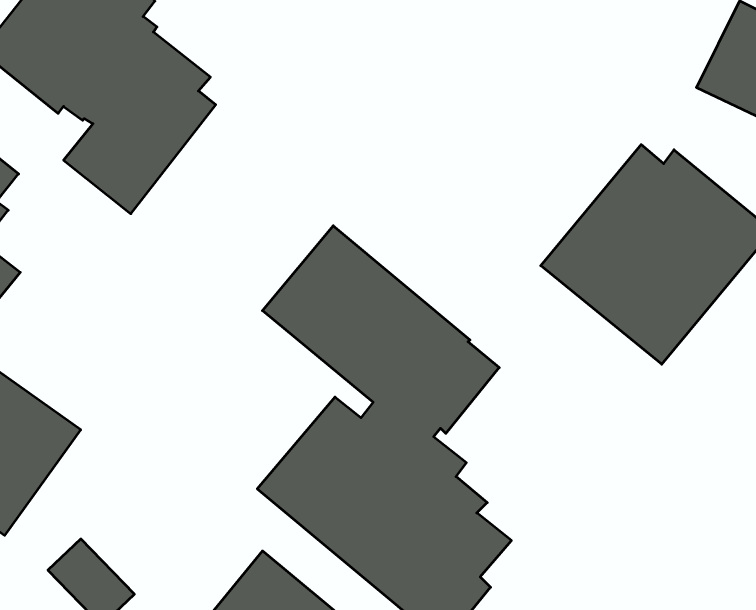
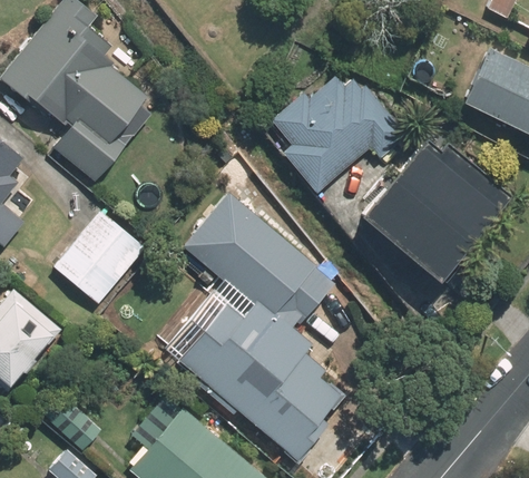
building: none -> [270,75,406,193]
building: none -> [52,211,145,305]

